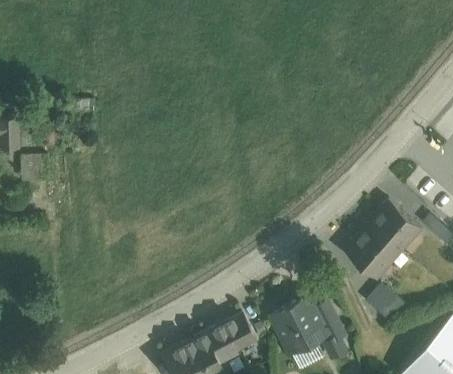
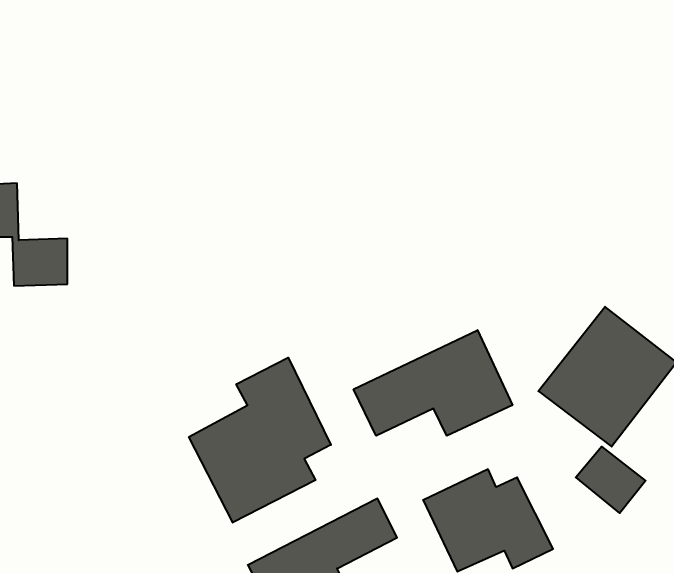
building: none -> [354,330,512,436]
building: none -> [189,358,331,523]

